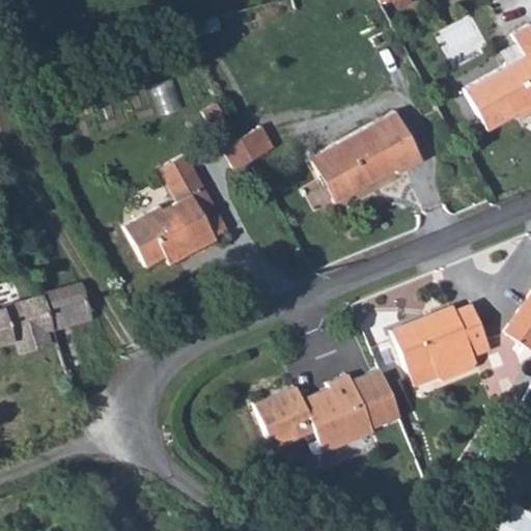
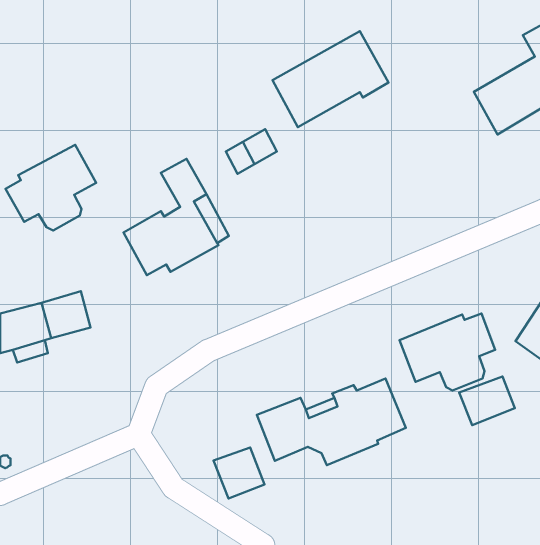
building: [311,110,424,203] -> [272,31,388,127]
building: none -> [6,145,96,230]
building: none -> [459,377,515,425]
building: none -> [214,447,264,498]

